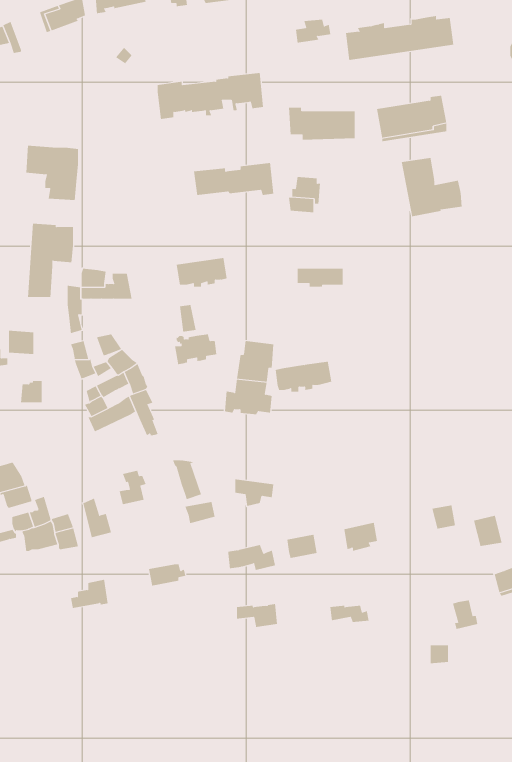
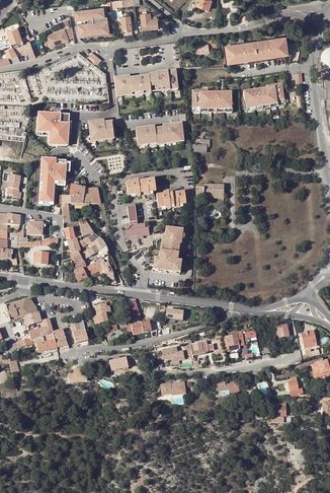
building: [401,157,462,217] -> none
building: none -> [88,120,113,140]
building: [275,361,332,392] -> [157,190,190,208]

